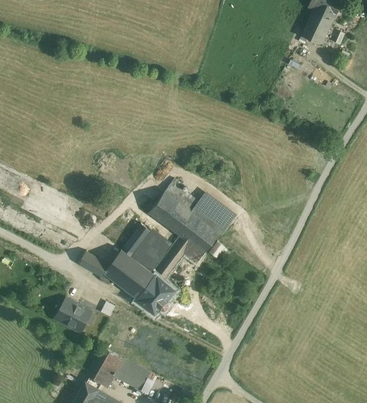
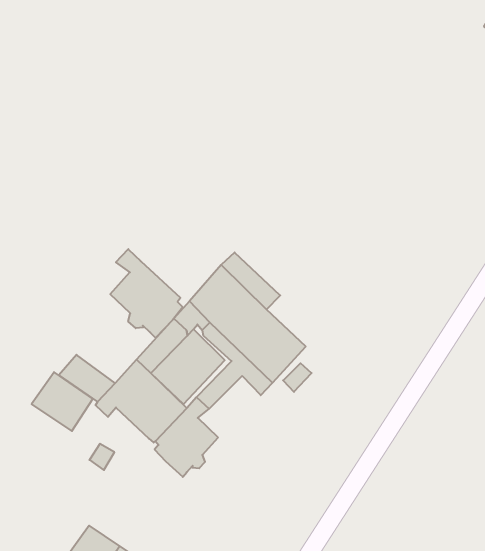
building: none -> [110,249,183,338]
building: [193,194,237,236] -> none
building: [55,300,90,333] -> [32,372,93,431]

